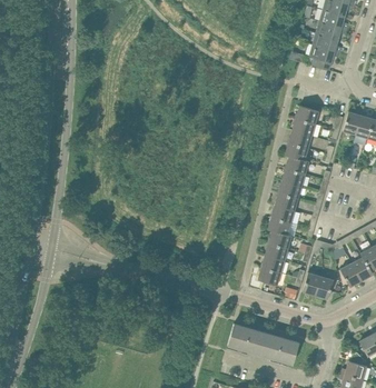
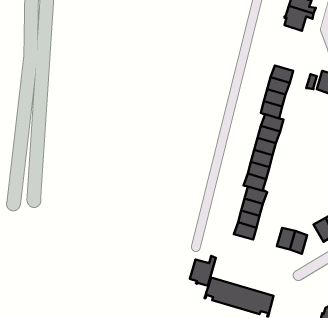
building: none -> [190,256,216,286]

